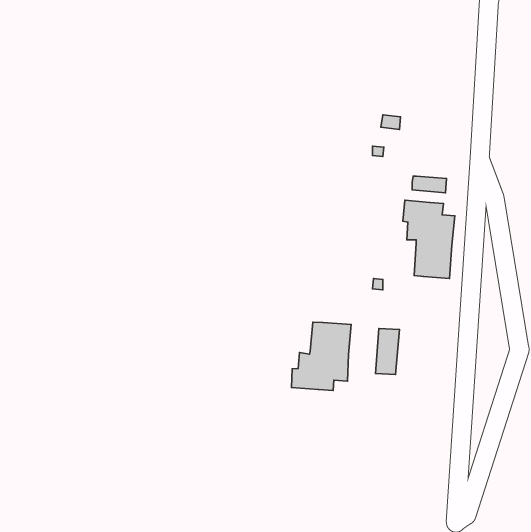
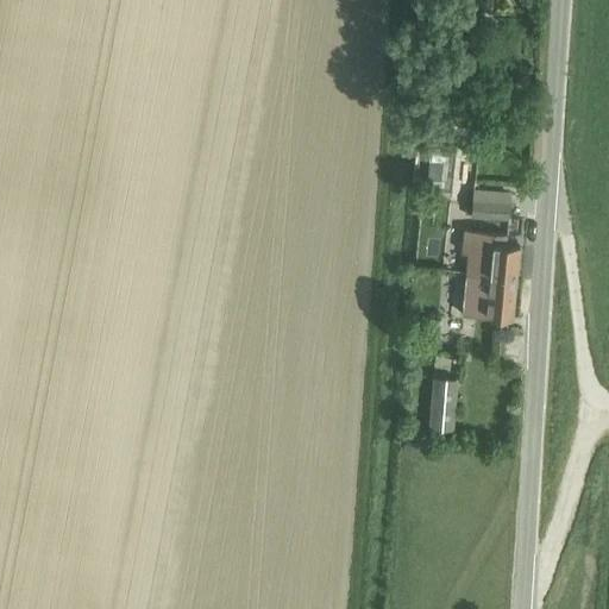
building: [291,322,351,391] -> none

